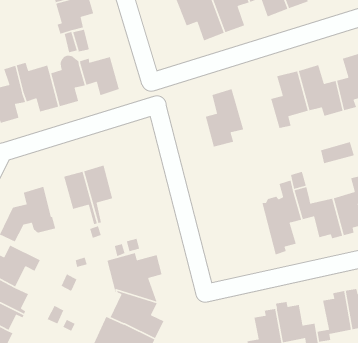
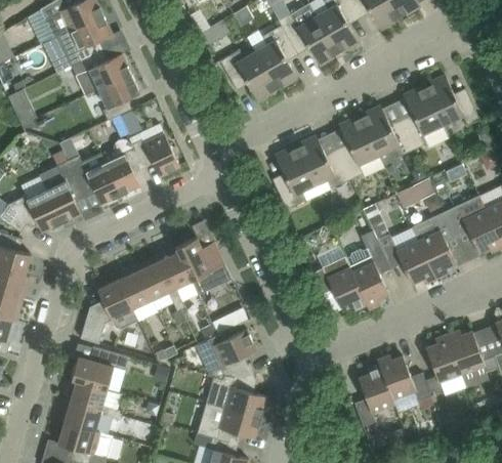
building: none -> [295,136,350,195]
building: none -> [176,238,232,294]
building: none -> [118,266,152,309]
building: none -> [311,256,369,310]

